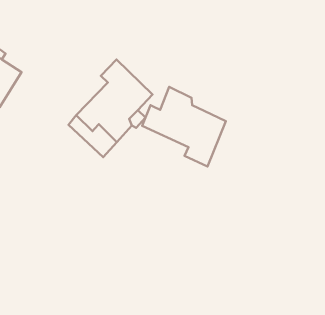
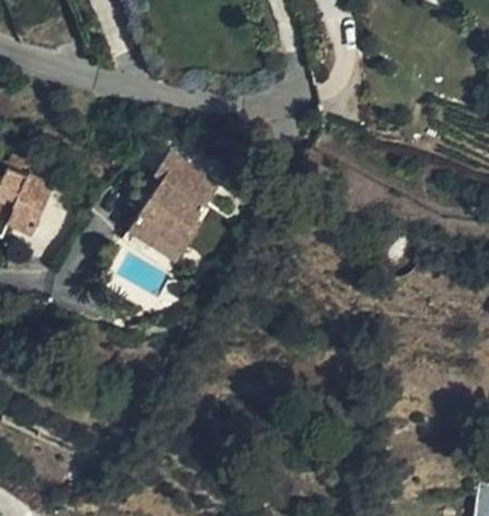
building: [142,87,226,167] -> none

